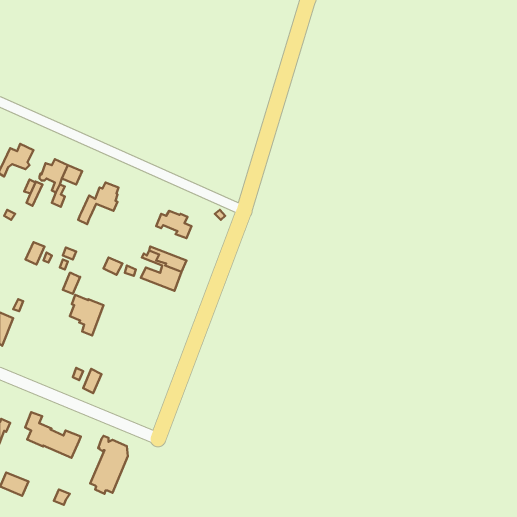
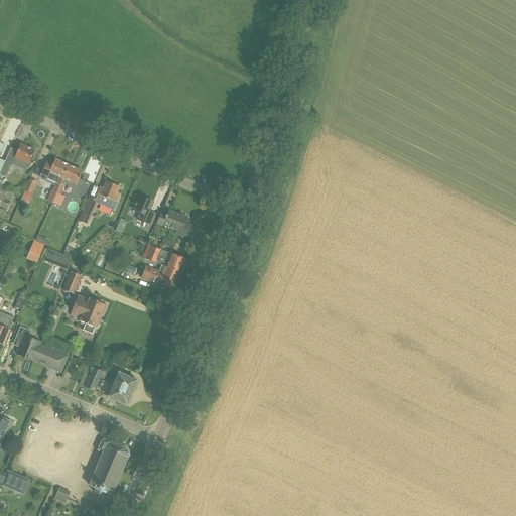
building: none -> [131,194,154,224]
building: none -> [107,372,136,403]
building: [25,412,81,458] -> [13,326,69,371]

